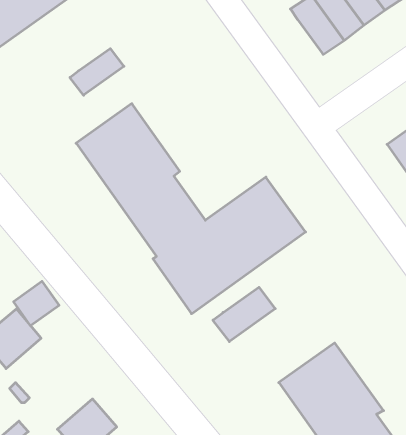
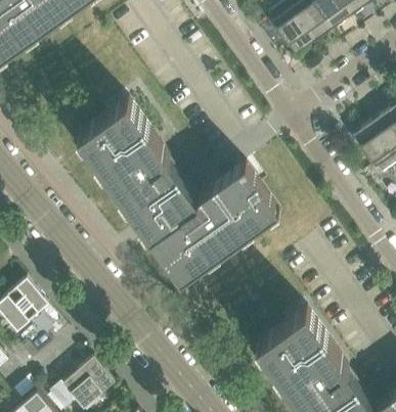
building: [70,49,124,95] -> none
building: [14,281,59,326] -> none
building: [213,287,275,342] -> none

